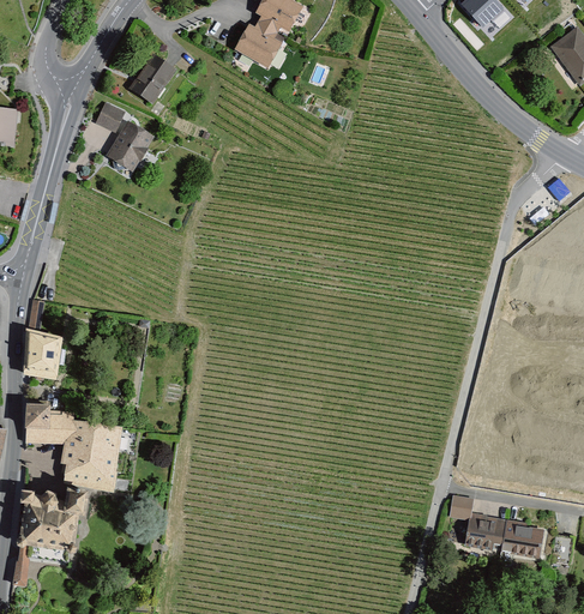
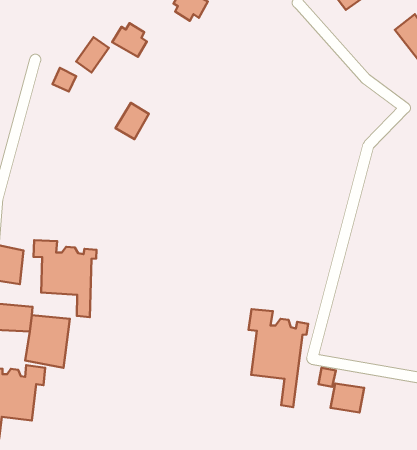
building: [236,23,282,67] -> [112,23,147,57]
building: [106,122,150,170] -> [115,103,149,139]
building: none -> [33,240,97,317]
building: none -> [249,309,308,407]
building: [502,519,540,558] -> none

